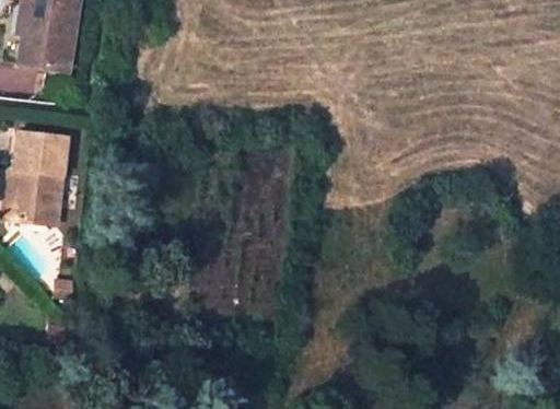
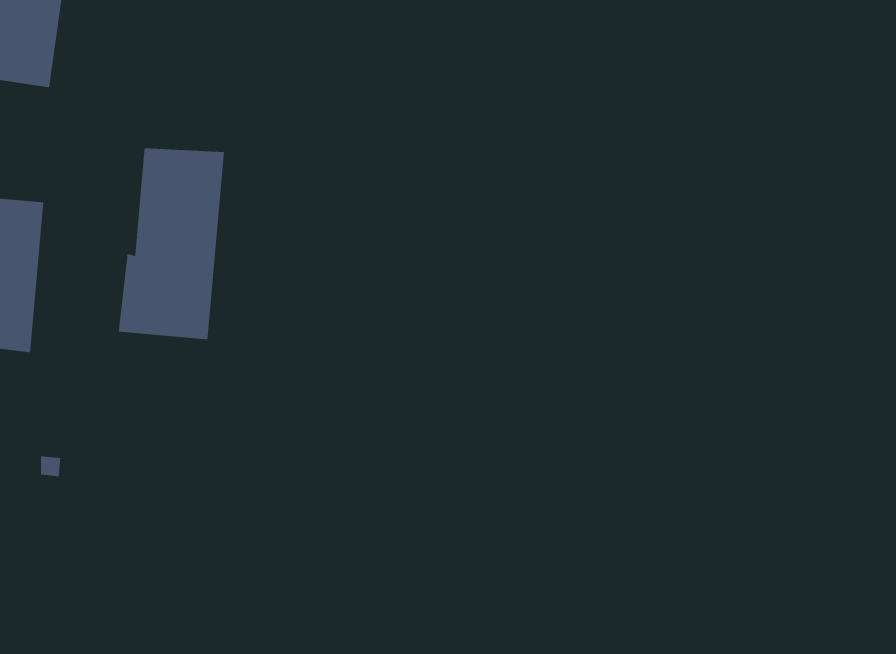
building: none -> [118,148,225,340]

